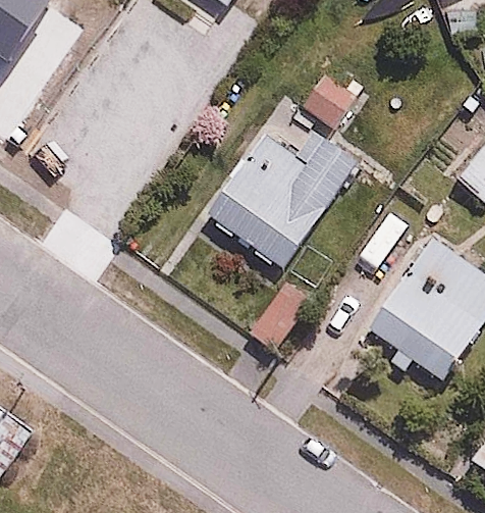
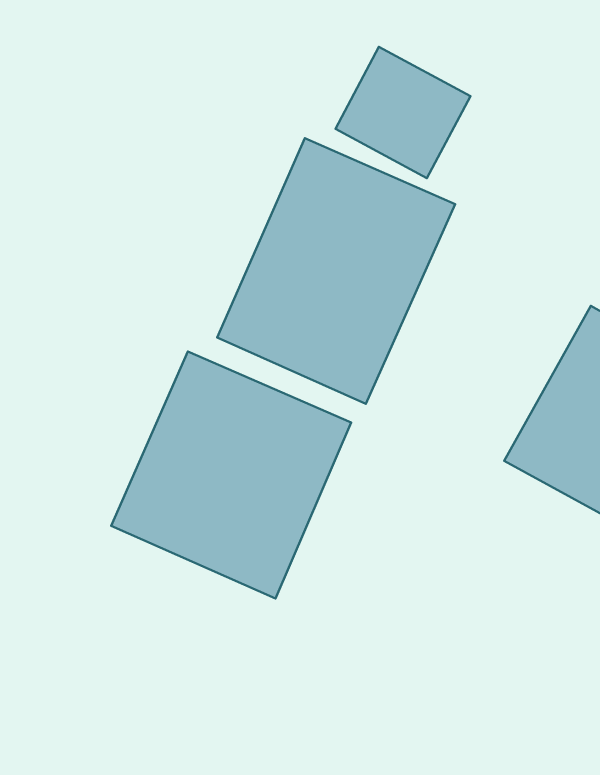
building: none -> [111,352,351,598]

